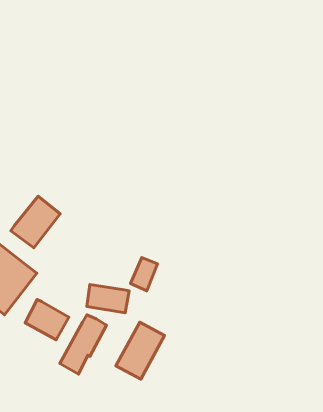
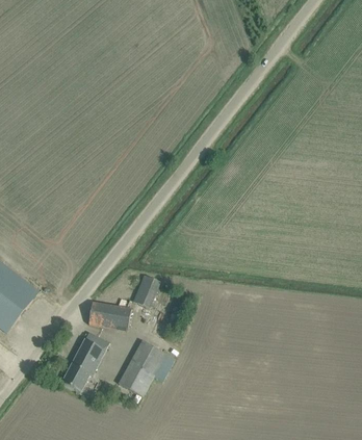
building: [11,196,60,248] -> none
building: [25,299,69,340] -> none

